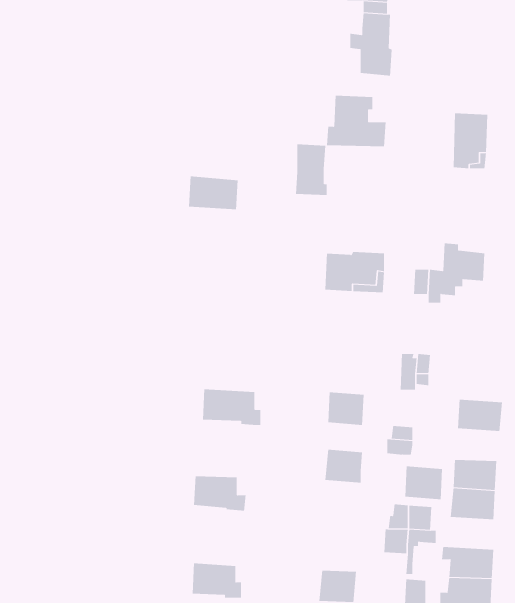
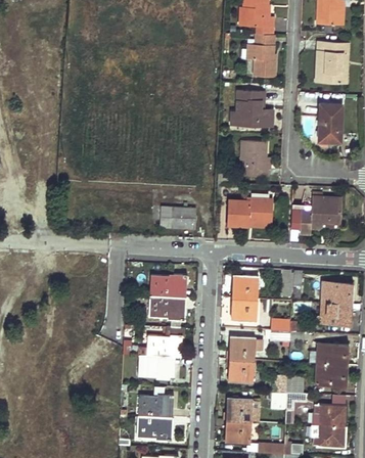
building: none -> [315,41,347,83]
building: [295,144,327,196] -> [244,141,267,177]
building: [188,176,238,210] -> [162,204,196,228]
building: none -> [145,273,187,296]
building: none -> [232,275,258,299]
building: none -> [322,282,354,304]
building: none -> [137,326,185,357]
building: [404,466,443,500] -> [228,358,255,381]
building: none -> [138,385,174,417]
building: none -> [227,398,253,421]

